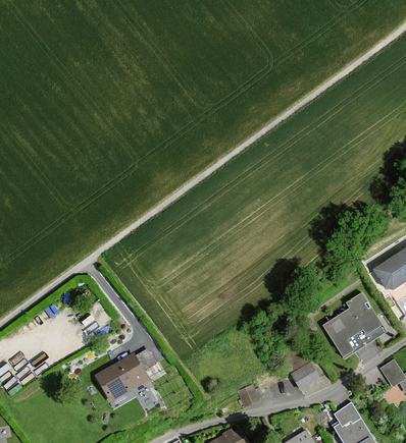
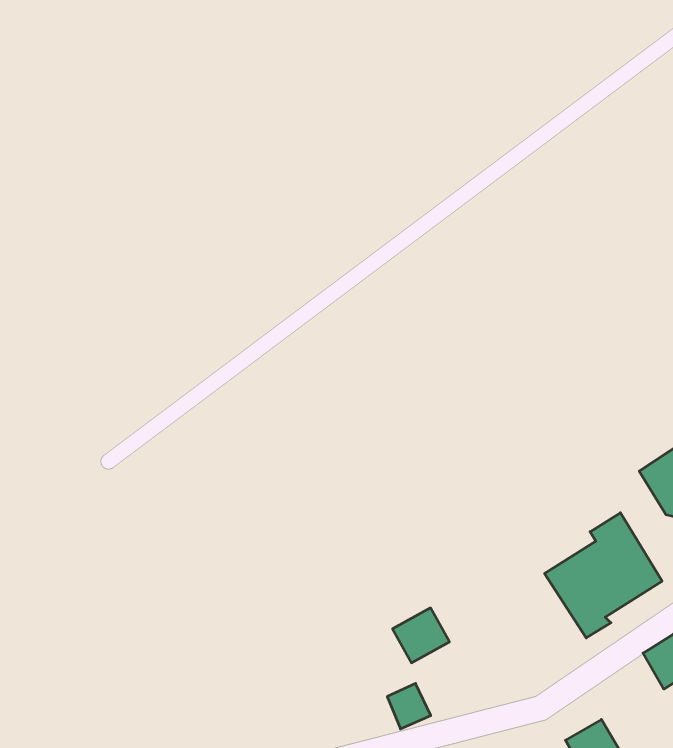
building: [91,355,142,402] -> none
building: [292,362,322,391] -> [393,608,449,663]

